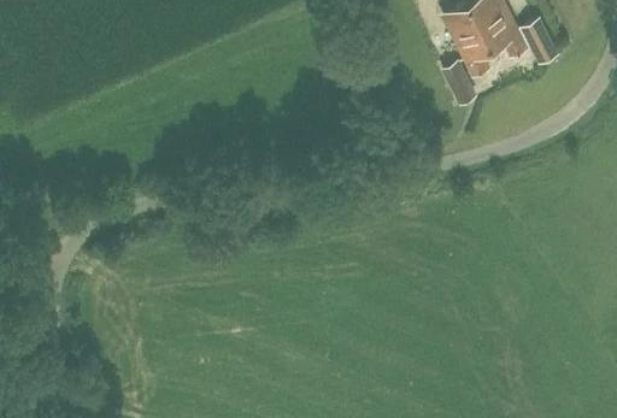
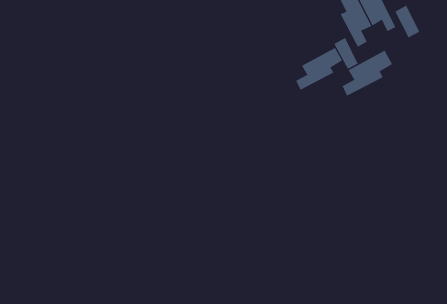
building: none -> [296,47,343,90]
building: none -> [342,50,393,97]

